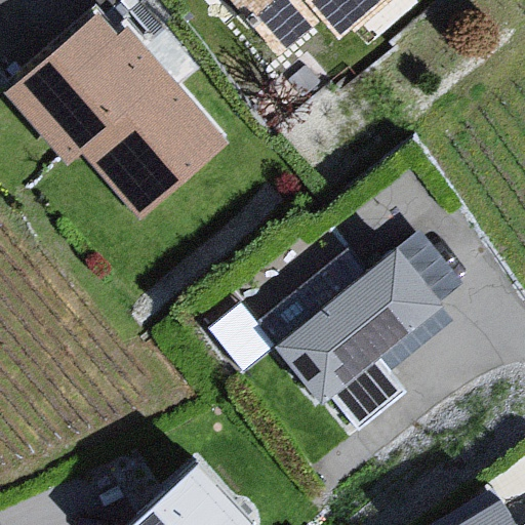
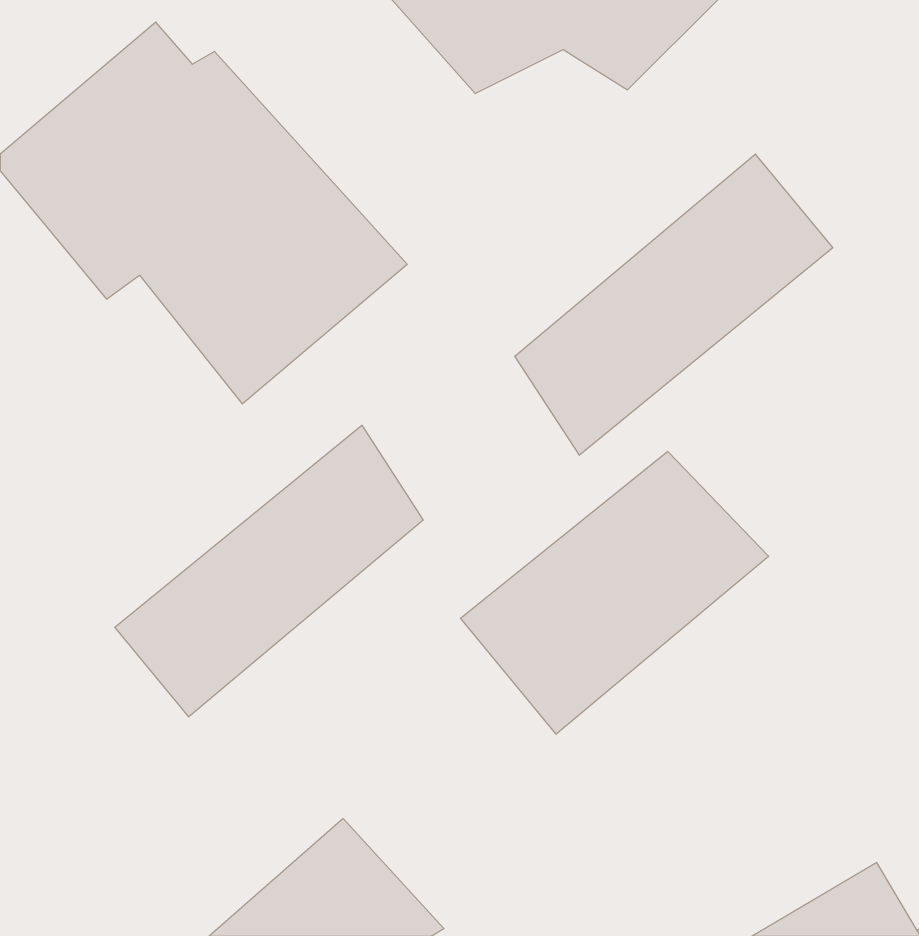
building: none -> [515,154,833,455]
building: none -> [115,425,423,717]

